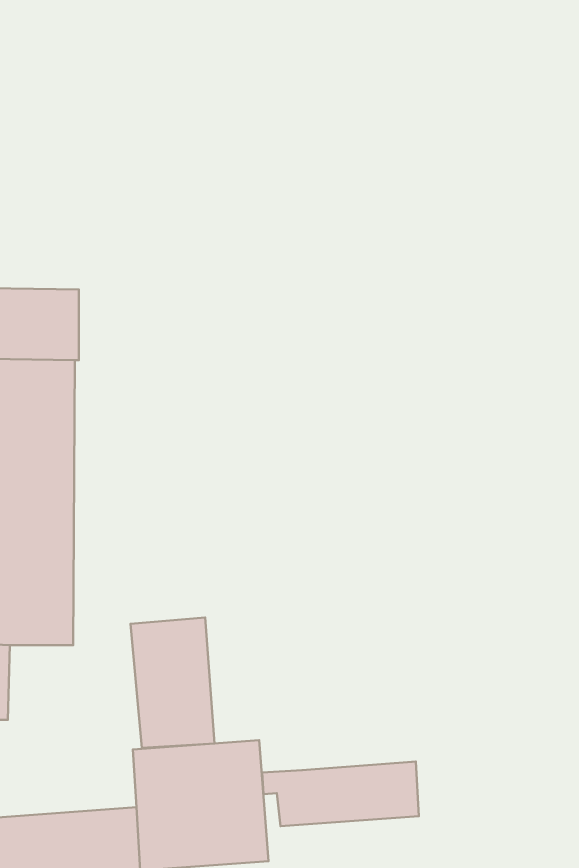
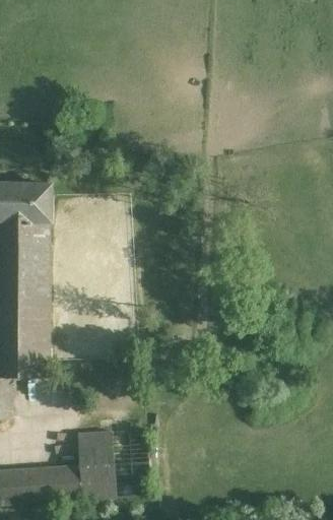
building: [131,618,214,748] -> none
building: [262,761,419,826] -> none

